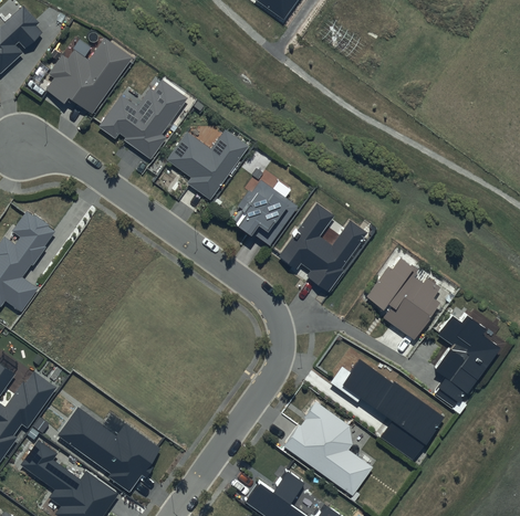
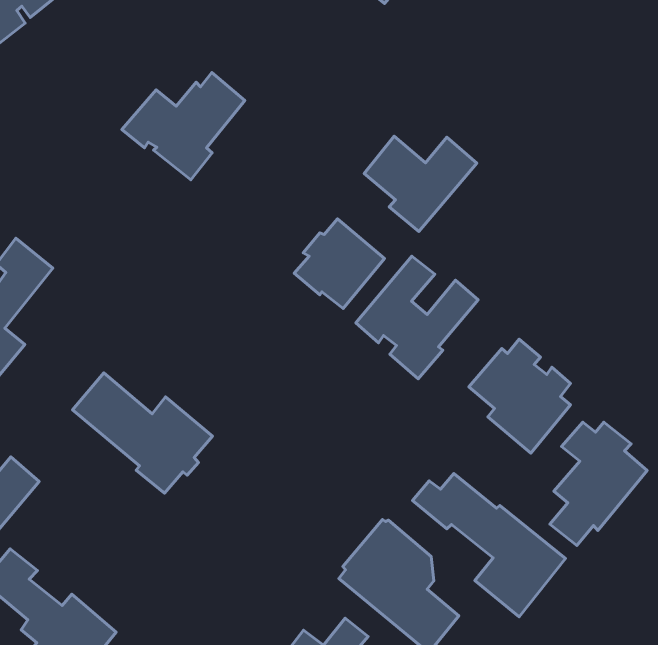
building: [44,36,133,115] -> none
building: [166,129,248,200] -> [364,136,477,232]
building: [56,407,160,492] -> [72,373,212,493]

